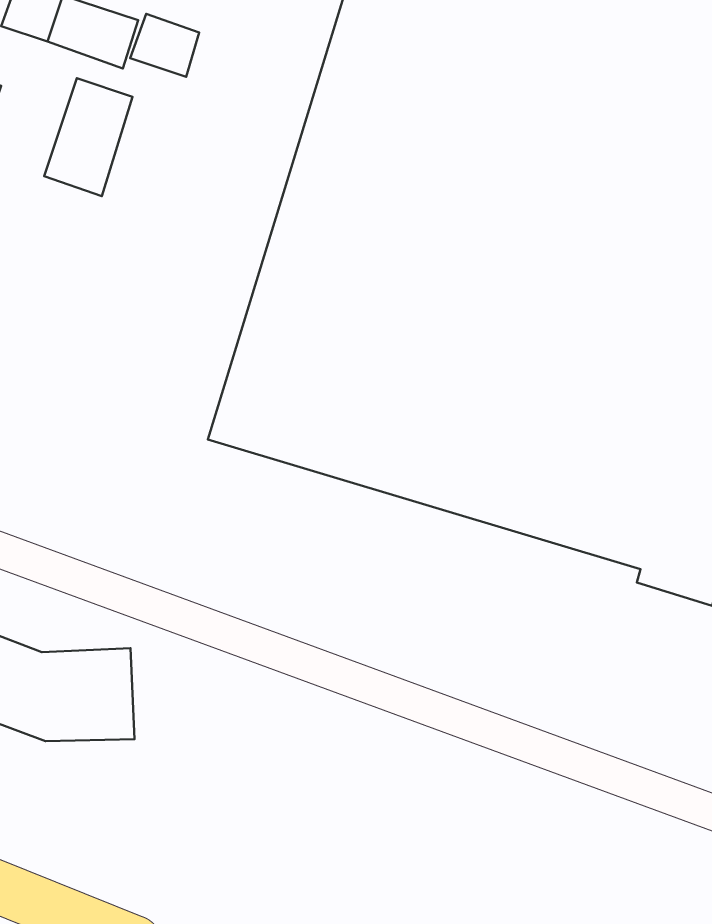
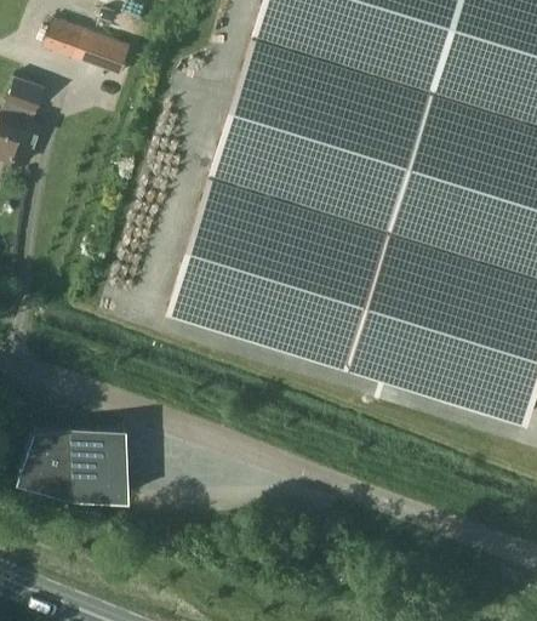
building: [130,14,199,77] -> none
building: [44,78,133,196] -> none

